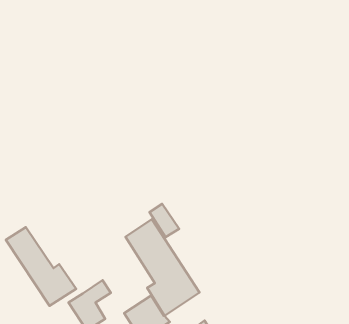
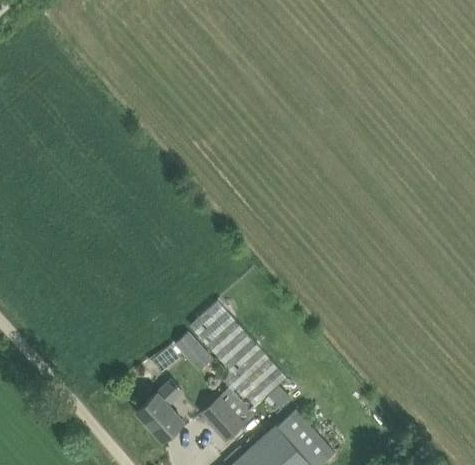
building: [150,204,179,237] -> [175,332,212,370]
building: [6,227,76,306] -> none

